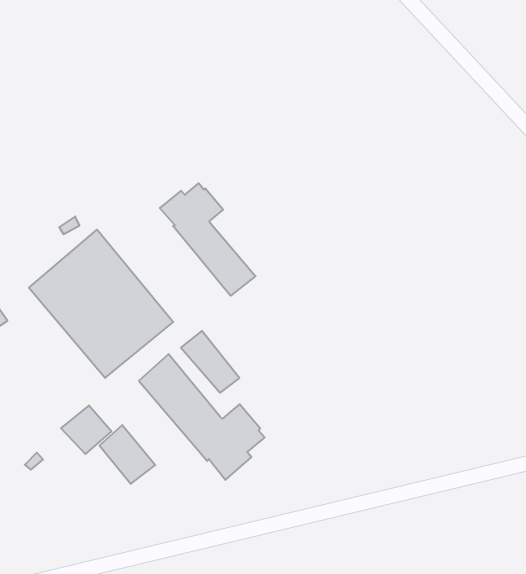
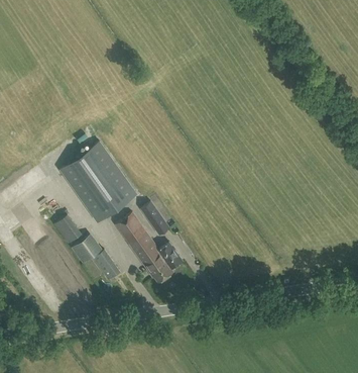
building: [160,183,256,296] -> none
building: none -> [55,217,82,247]

